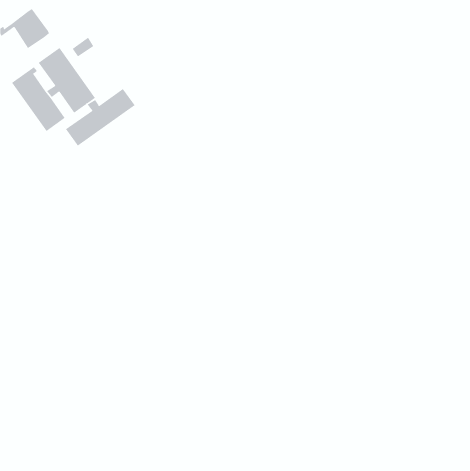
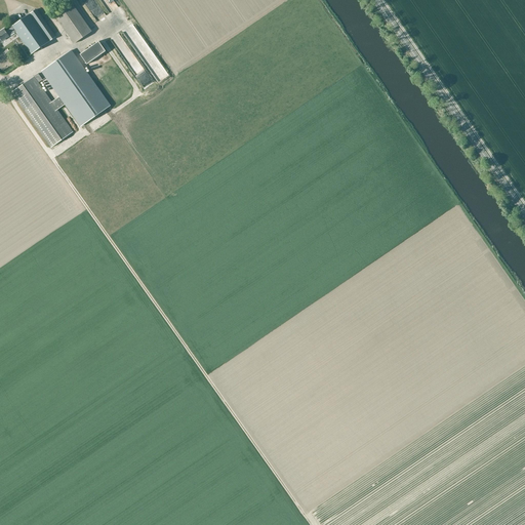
building: none -> [54,4,91,44]
building: [65,88,135,147] -> none

